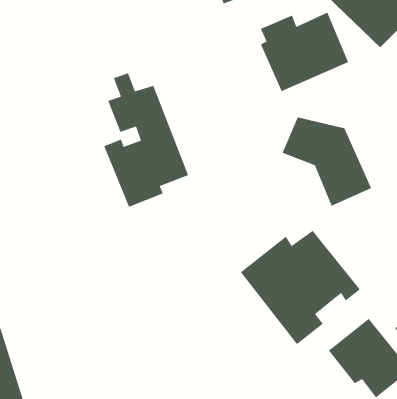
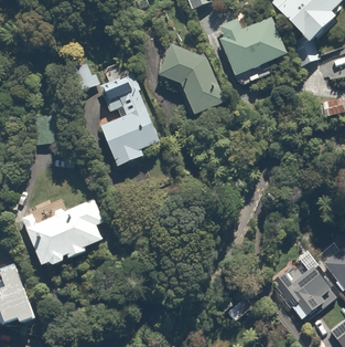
building: [282,116,372,207] -> [157,44,227,115]
building: [240,230,361,345] -> none
building: none -> [21,198,104,266]

